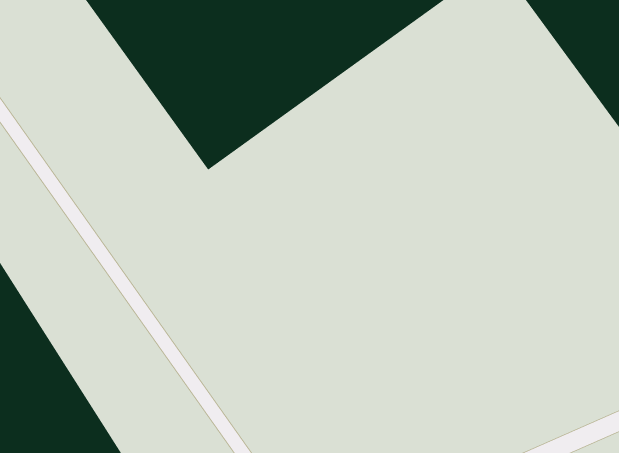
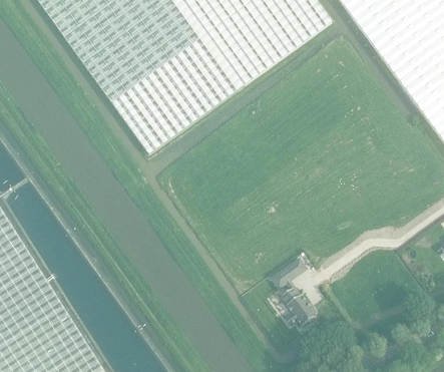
building: none -> [271,257,318,326]

